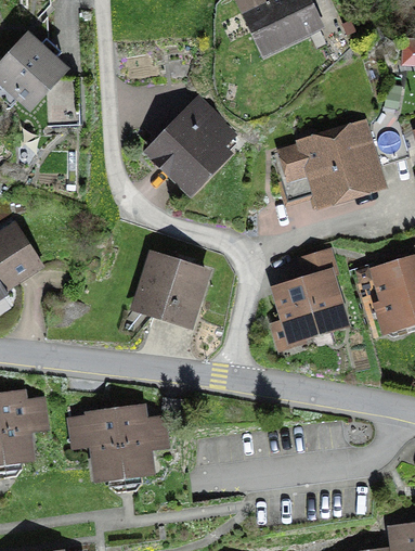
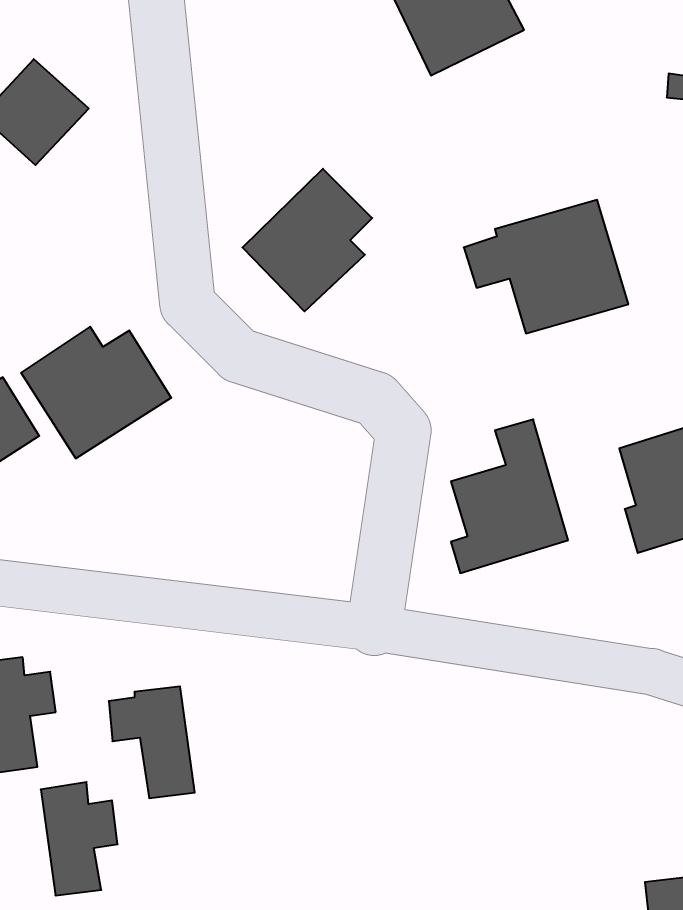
building: none -> [21,327,171,459]
building: [135,258,203,324] -> none
building: [116,407,161,474] -> [41,782,118,895]

